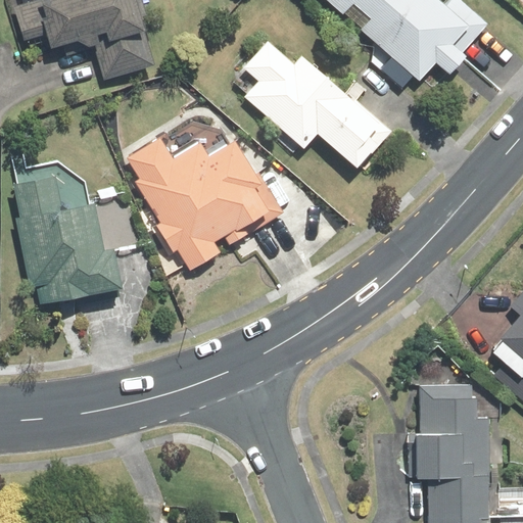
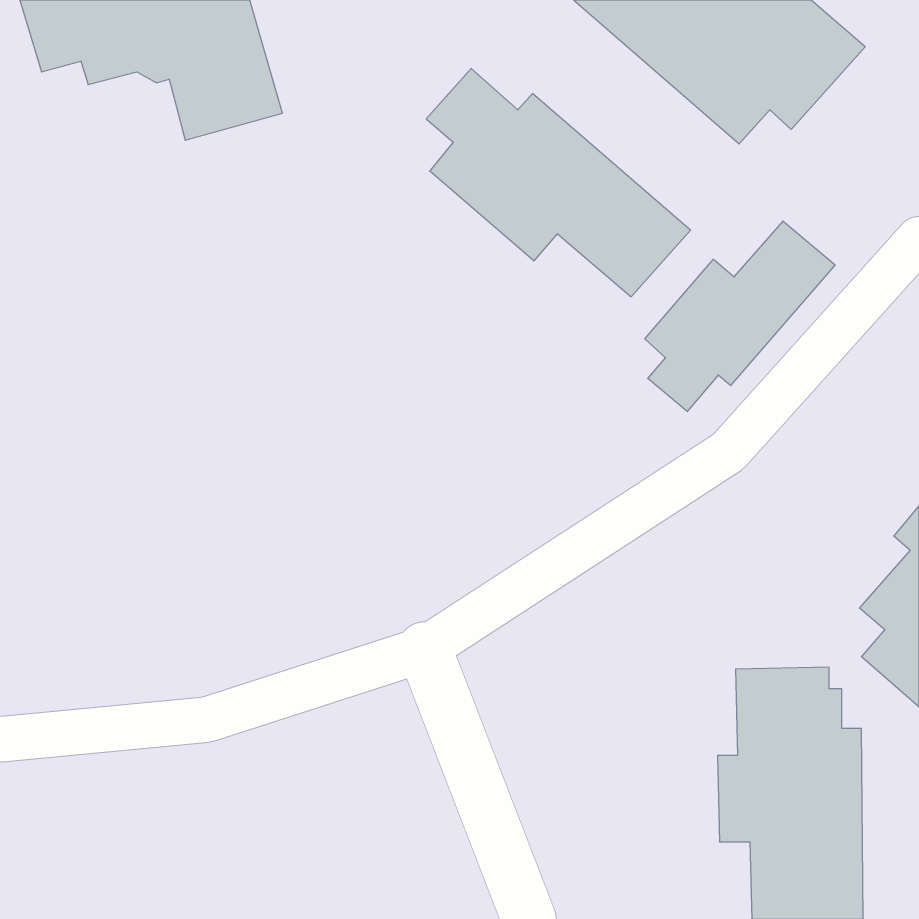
building: none -> [645,221,835,412]
building: [122,133,284,270] -> none
building: [13,176,123,303] -> none

